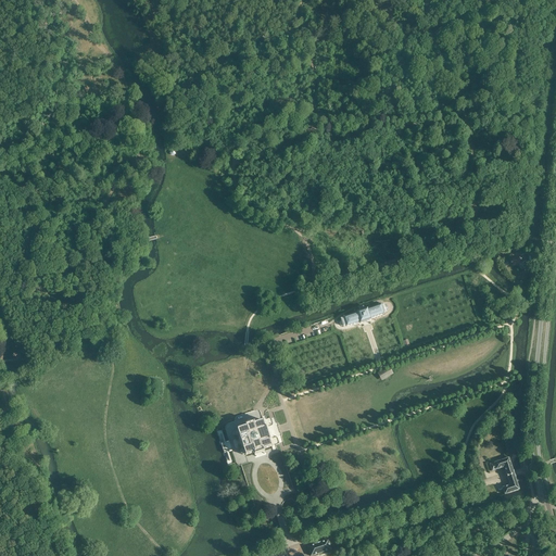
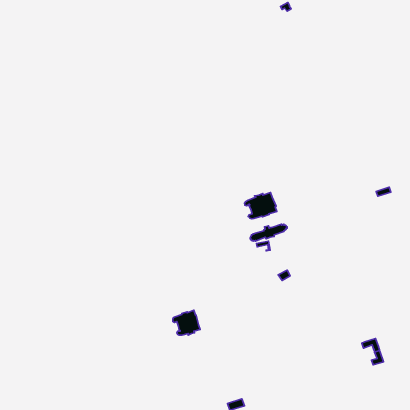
building: none -> [245,192,277,219]

